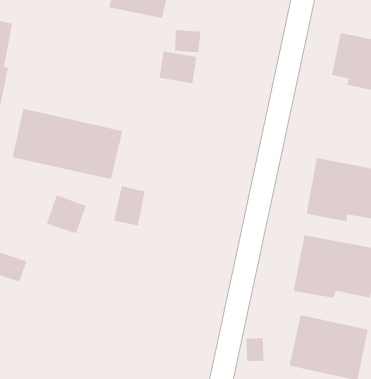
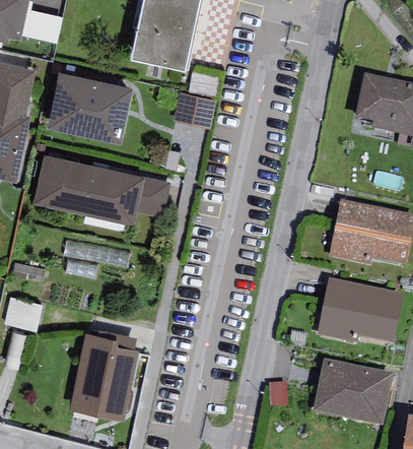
building: none -> [48,66,133,138]
building: [113,185,145,226] -> [137,177,169,217]
building: none -> [69,329,139,419]

